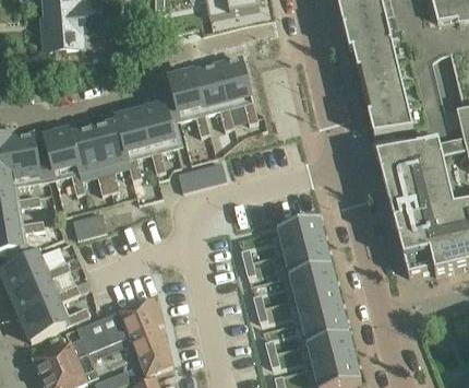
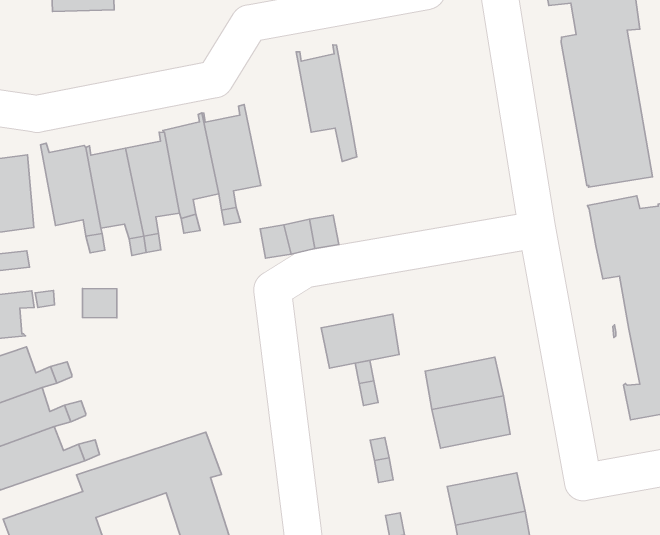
building: [217,57,257,121] -> none
building: [167,63,209,133] -> none
building: [276,216,324,251] -> [321,314,399,368]
building: [294,286,341,320] -> none

